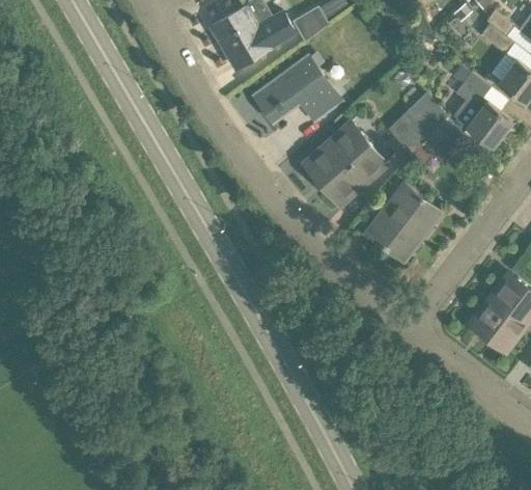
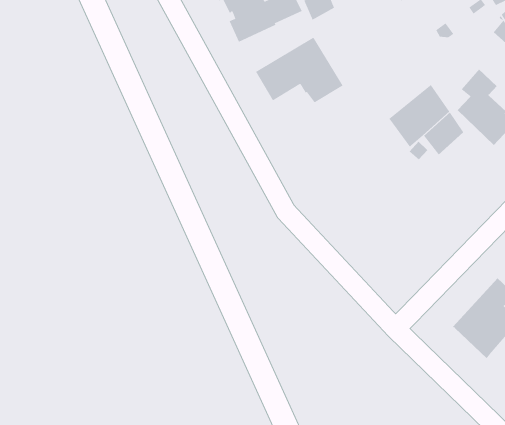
building: [304,122,386,205] -> none
building: [366,184,442,262] -> none

